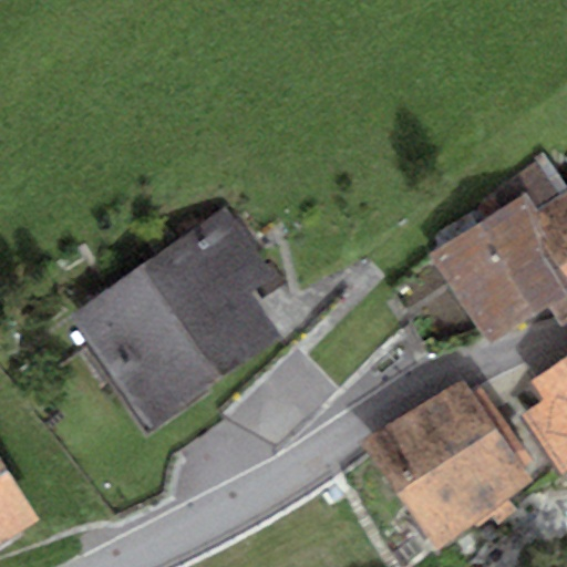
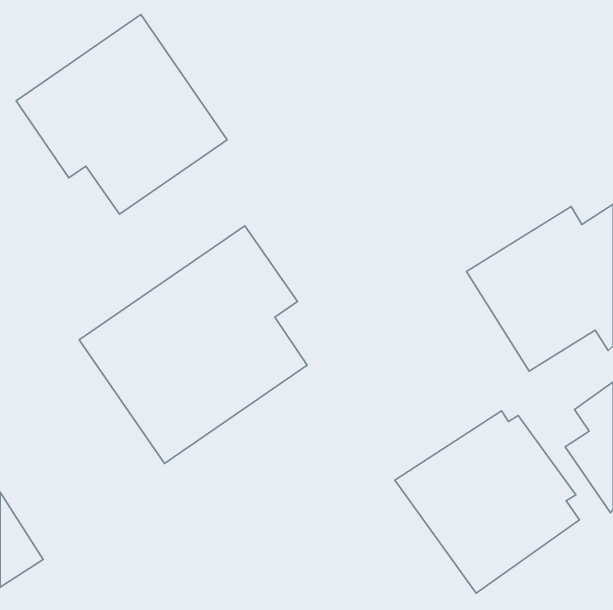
building: none -> [16,15,227,214]

